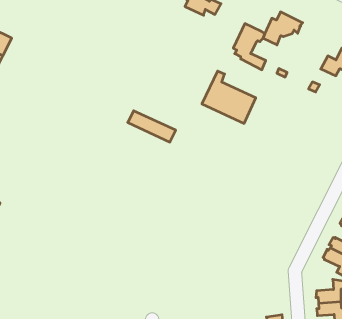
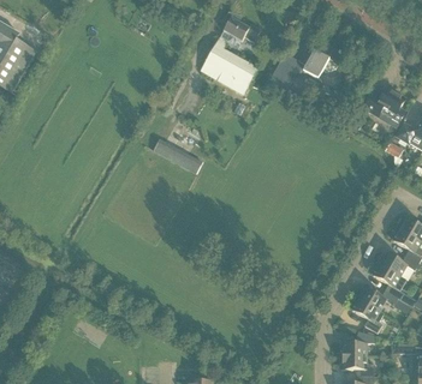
building: [202,71,256,123] -> [200,37,257,95]

